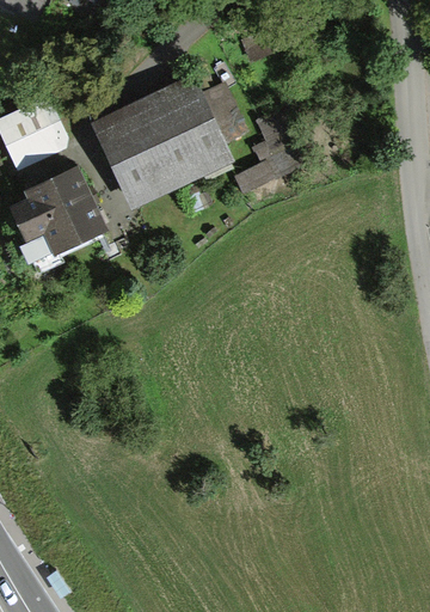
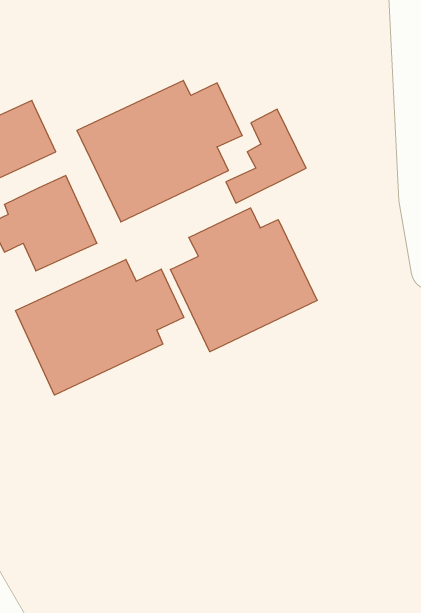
building: none -> [170,208,317,352]
building: none -> [16,259,184,395]

